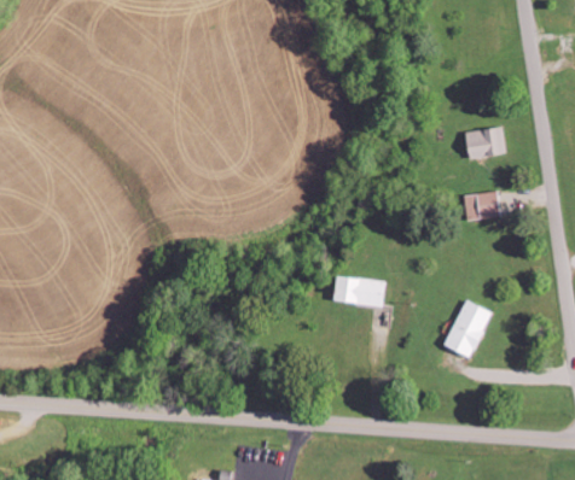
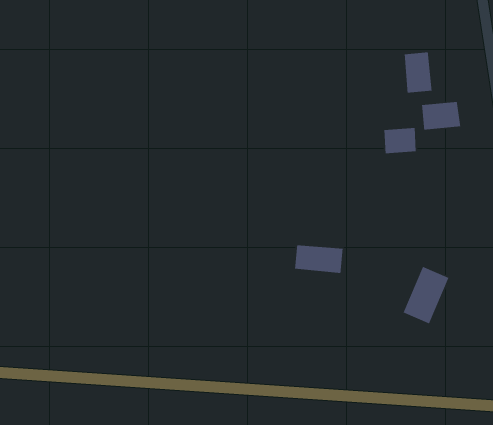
building: none -> [404,51,433,93]
building: [465,192,499,219] -> [384,127,417,154]

